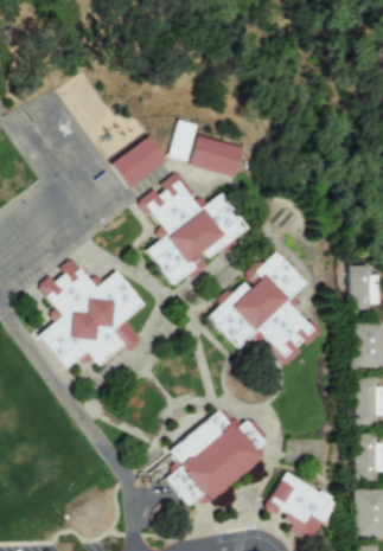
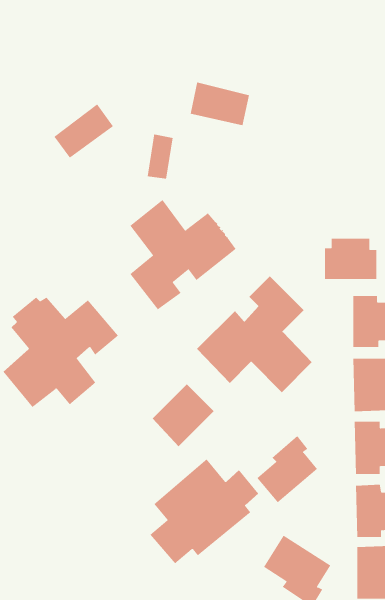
building: [193,136,247,175] -> [190,82,250,126]
building: [114,137,167,186] -> [54,104,114,158]
building: none -> [324,238,377,280]
building: none -> [152,384,214,447]
building: none -> [257,435,318,503]

